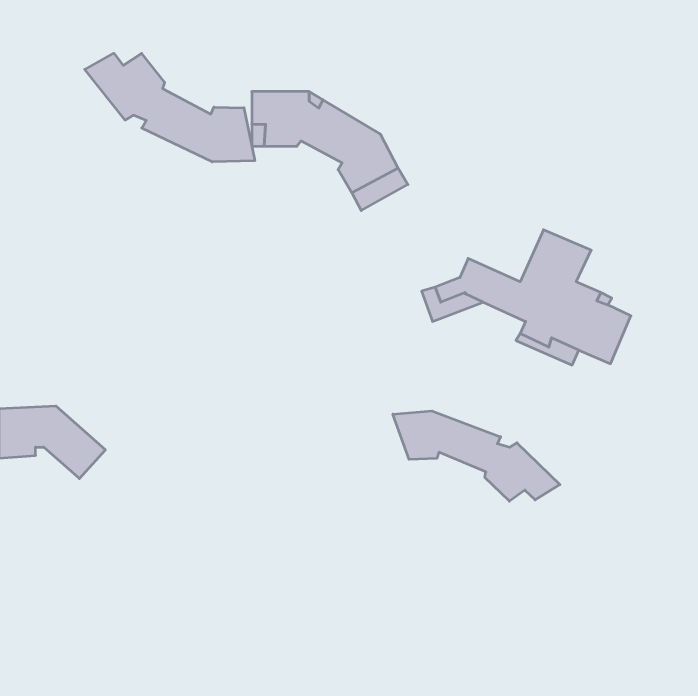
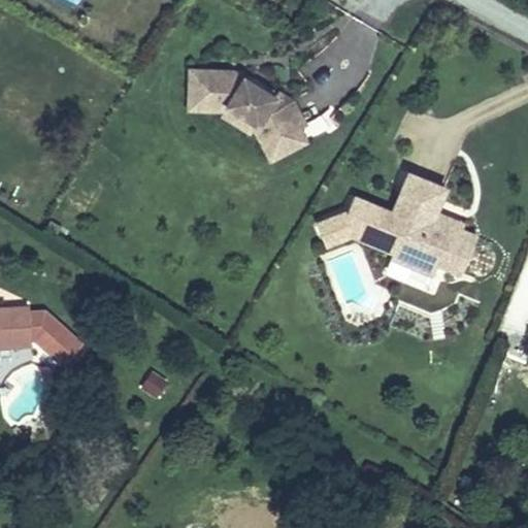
building: [85,53,255,162] -> none
building: [393,411,560,501] -> none

